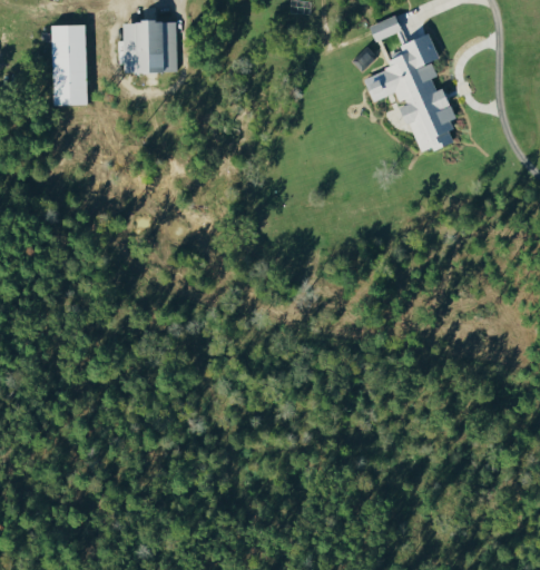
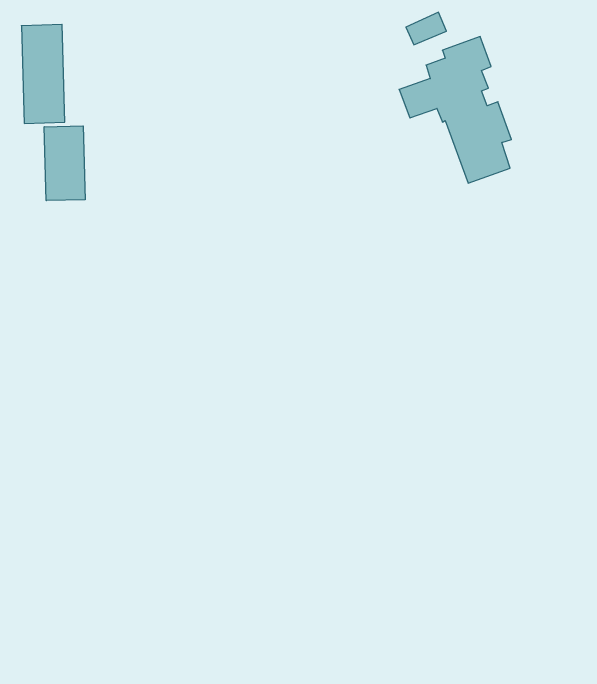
building: [124,21,176,73] -> none
building: none -> [44,126,85,201]

